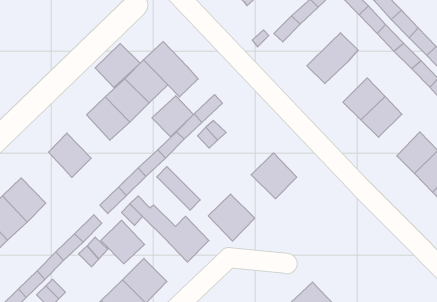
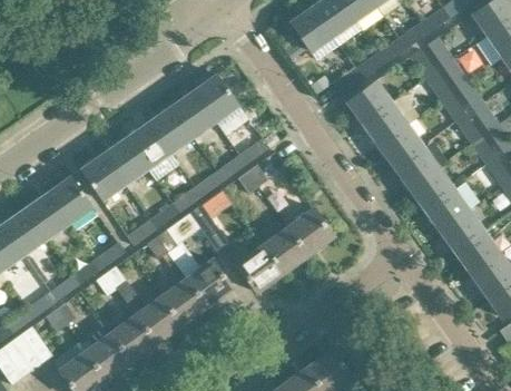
building: none -> [347,81,392,124]
building: [95,44,140,87] -> none
building: none -> [379,125,423,167]
building: [152,96,193,137] -> none
building: none -> [425,189,469,232]
building: none -> [104,138,147,184]
building: none -> [49,176,94,223]
building: none -> [263,227,308,273]
building: [101,220,145,264] -> [163,278,207,324]

